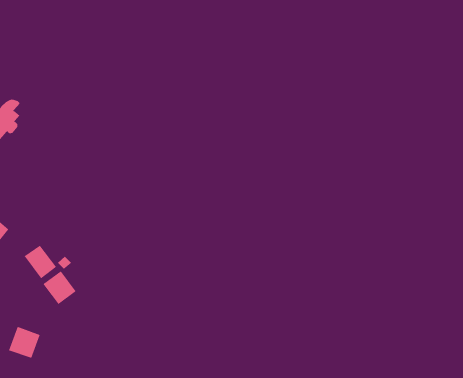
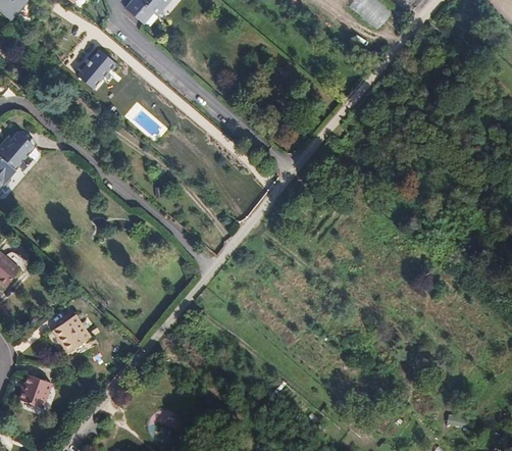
building: none -> [75,48,116,90]
building: [24,245,57,279] -> none

